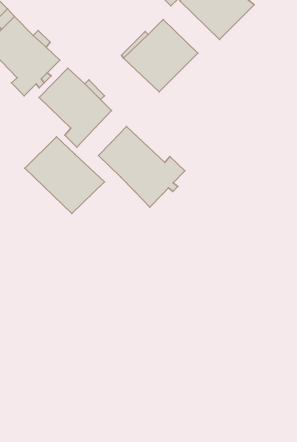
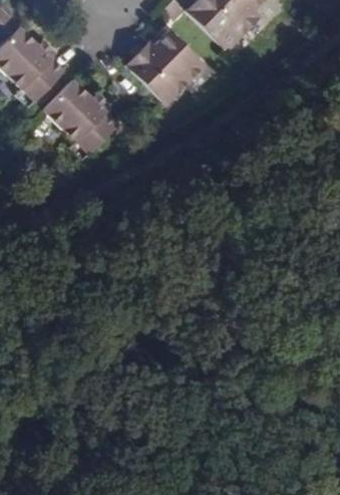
building: [99,126,185,207] -> none
building: [25,137,105,213] -> none

